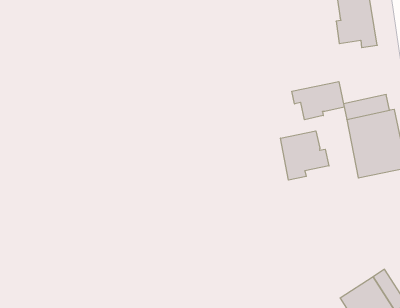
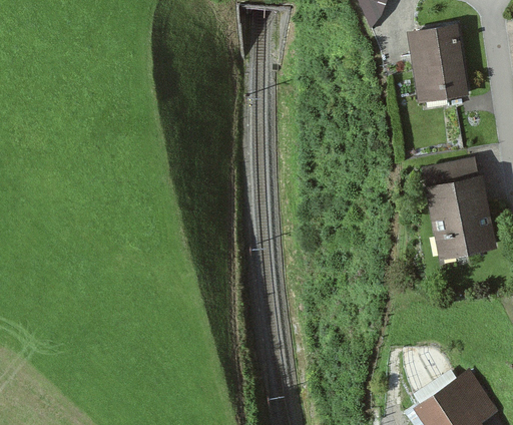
building: [292,82,344,120] -> none
building: [281,131,329,180] -> none

